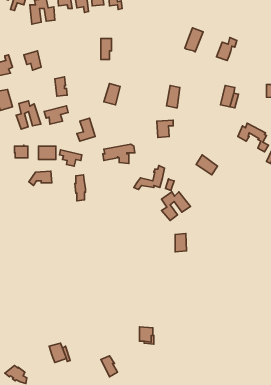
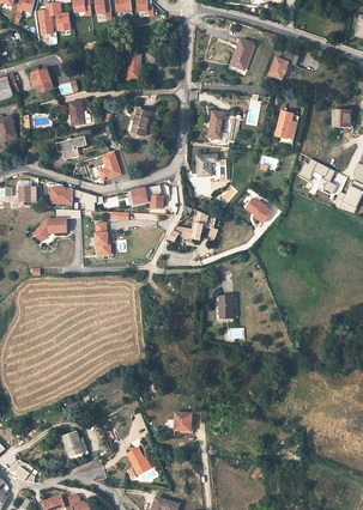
building: [16,101,41,129] -> none
building: [162,192,191,221] -> none

